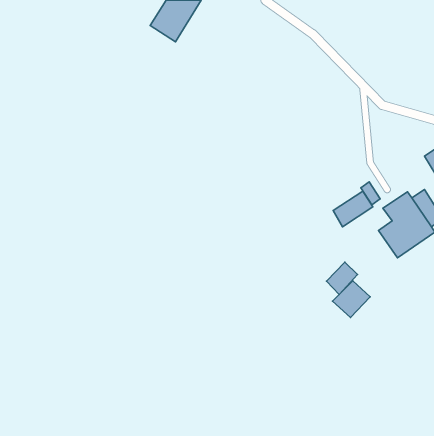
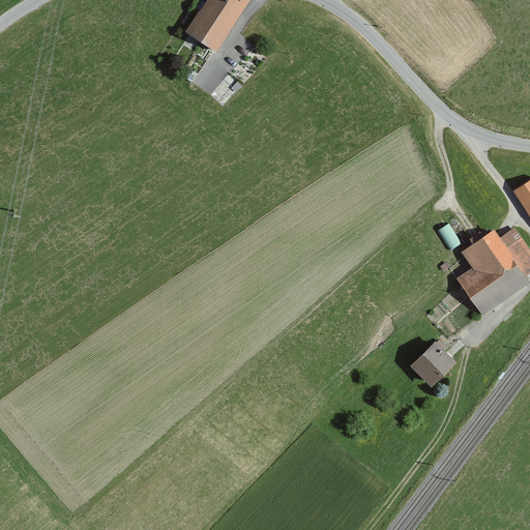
building: [333,191,373,227] -> none
building: [326,262,358,294] -> none

